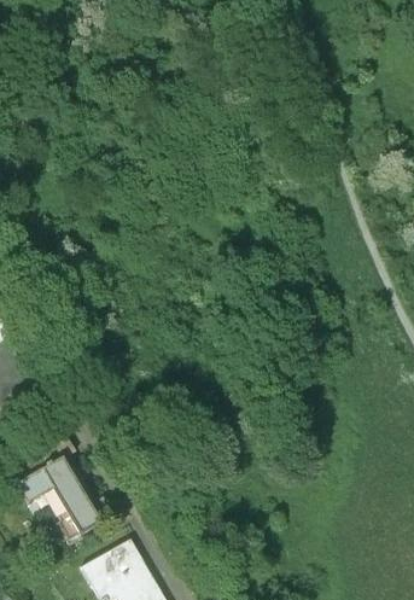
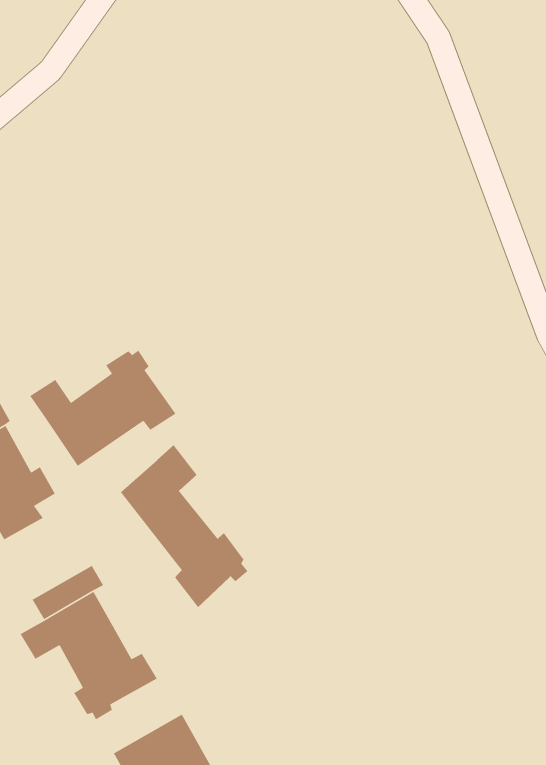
building: none -> [29,349,176,467]
building: none -> [120,444,248,608]

